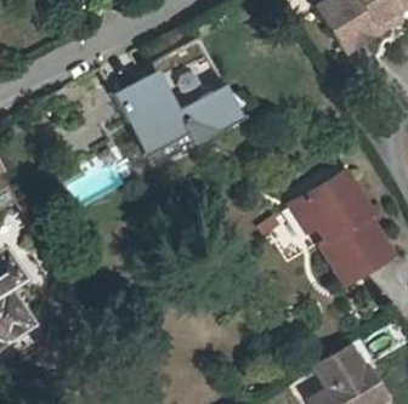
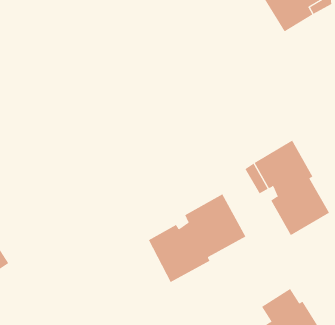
building: [112,70,243,146] -> none
building: none -> [148,193,246,283]

